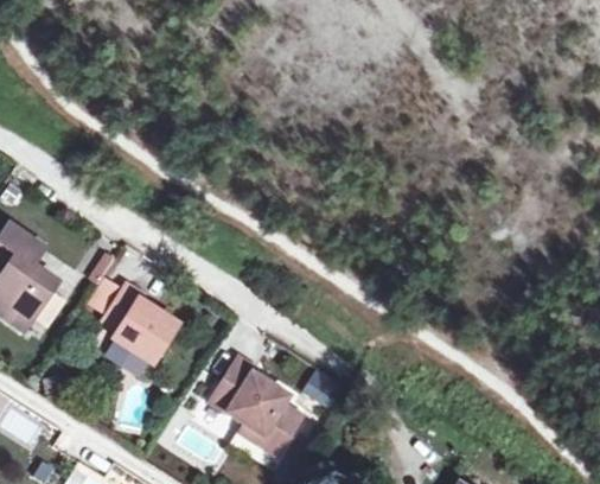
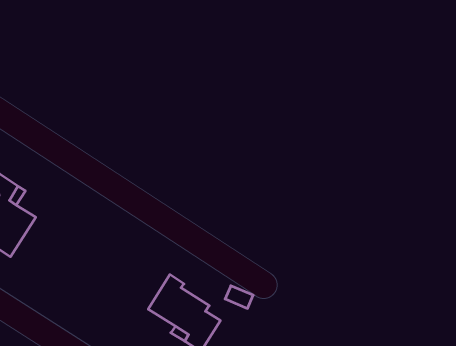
building: [102,282,174,361] -> none

